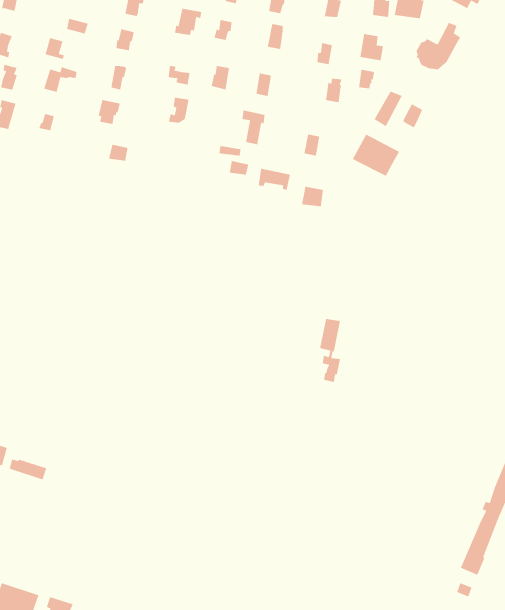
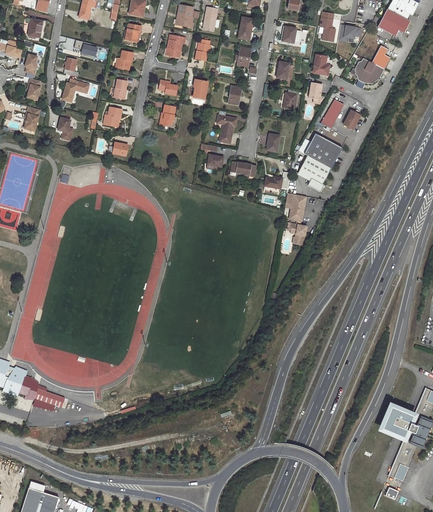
building: none -> [299,155,331,191]
building: [319,318,341,383] -> [289,194,306,245]
building: none -> [377,400,416,440]

